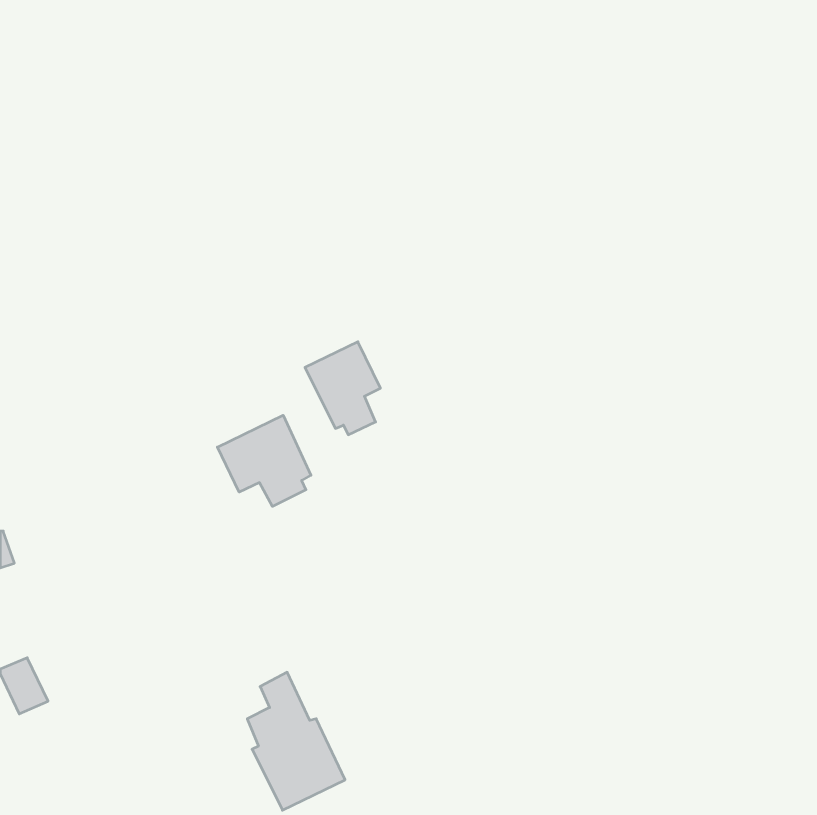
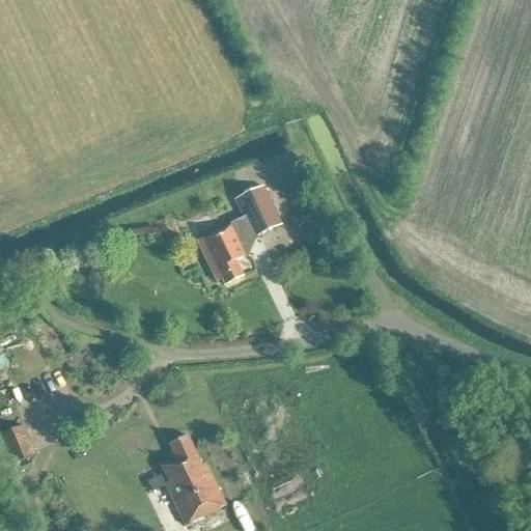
building: none -> [237,183,283,233]
building: [217,415,311,506] -> none

